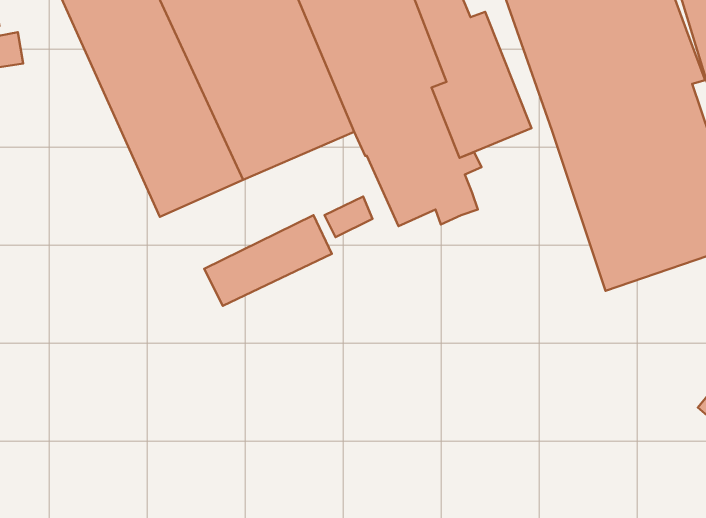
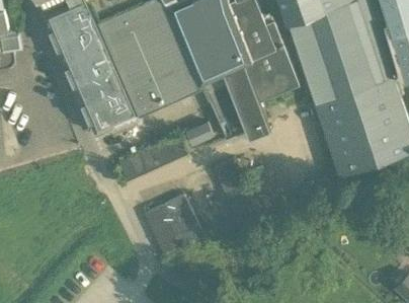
building: none -> [145,195,206,254]

